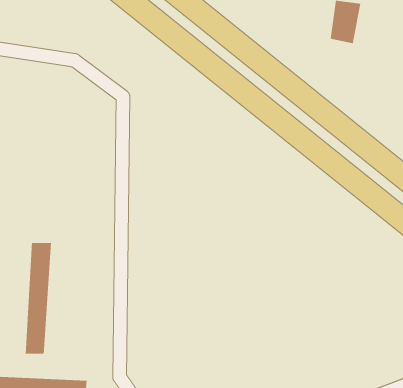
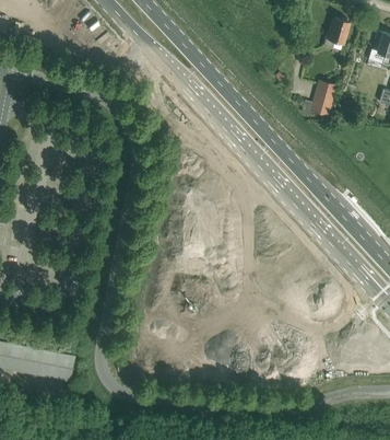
building: [25,242,51,355] -> none

